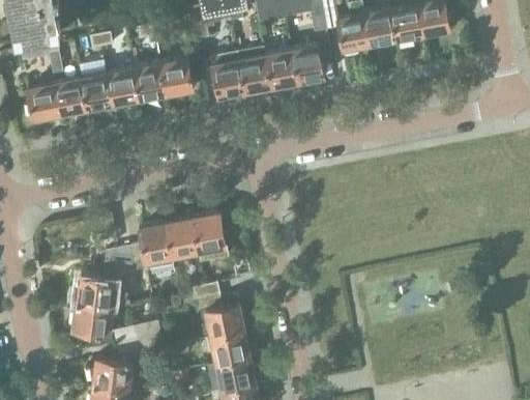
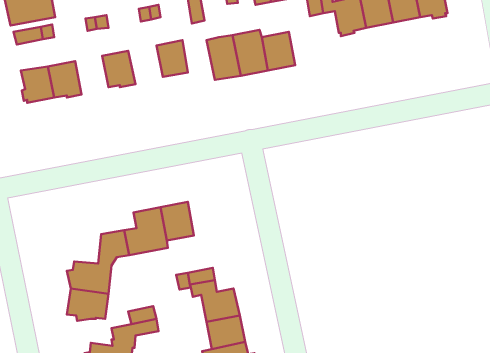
building: [292,46,324,83] -> none
building: [132,63,167,102] -> none
building: [80,74,113,112] -> none
building: [192,213,224,252] -> none

